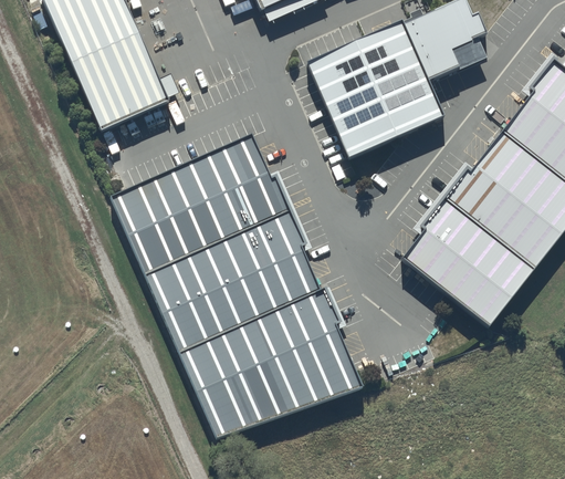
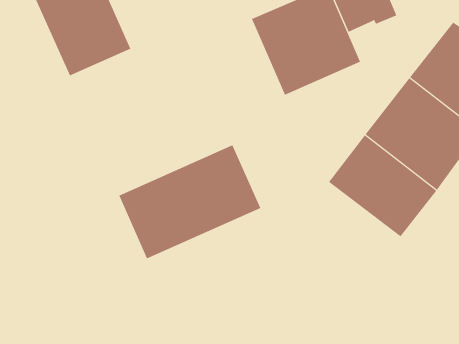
building: [114,135,289,275] -> none
building: [184,291,366,438] -> none

